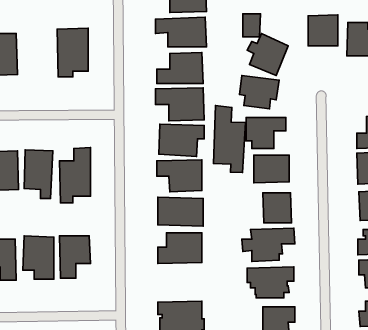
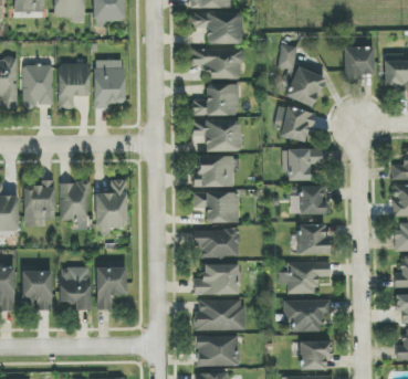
building: none -> [56,63,88,109]
building: [213,106,245,172] -> none
building: none -> [193,297,244,328]

